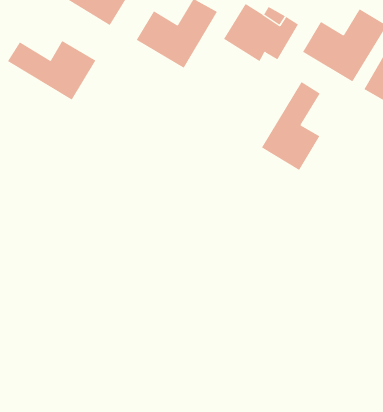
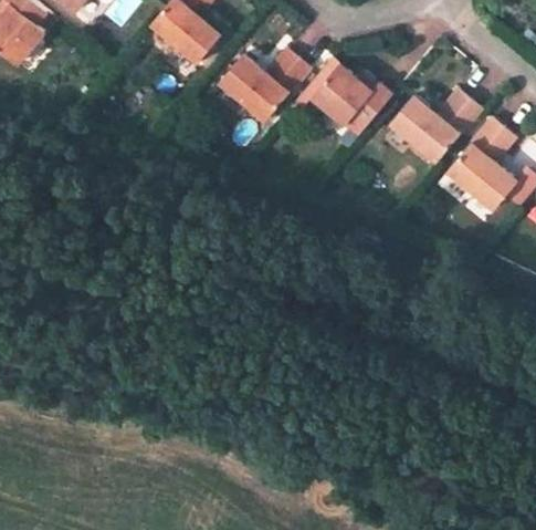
building: [7,40,96,100] -> none
building: [261,81,321,171] -> none

